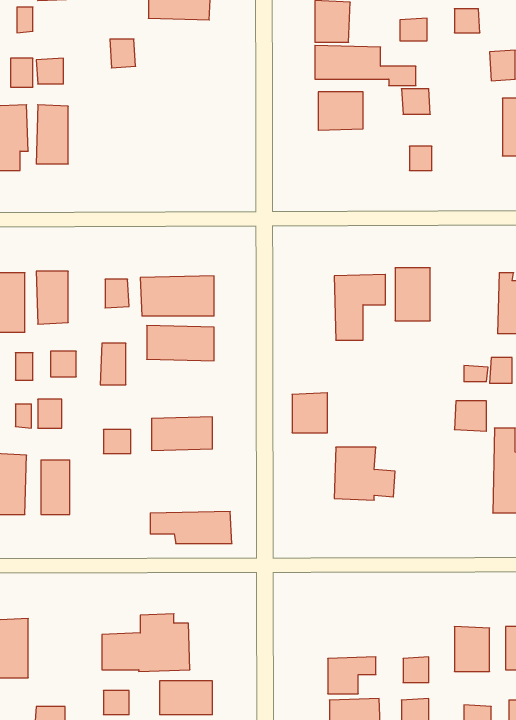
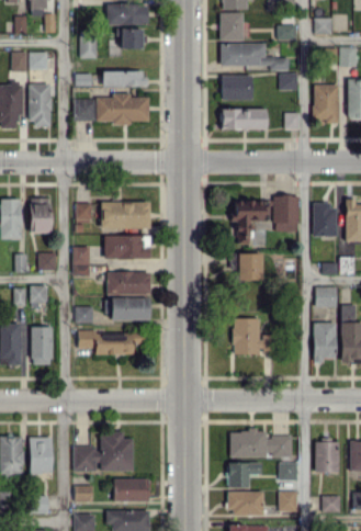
building: none -> [121,29,143,48]
building: none -> [102,71,146,87]
building: none -> [313,83,339,123]
building: none -> [74,93,149,124]
building: none -> [222,109,267,129]
building: none -> [313,204,337,236]
building: none -> [108,271,150,293]
building: [292,393,327,433] -> [238,252,262,280]
building: none -> [313,323,337,362]
building: [150,512,232,544] -> [78,332,134,354]
building: none -> [230,430,292,457]
building: none -> [30,437,53,473]

